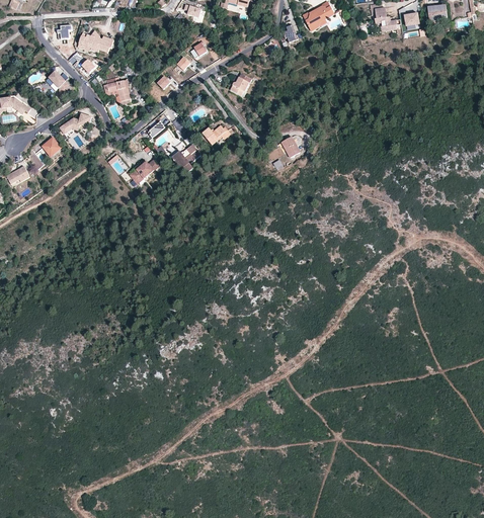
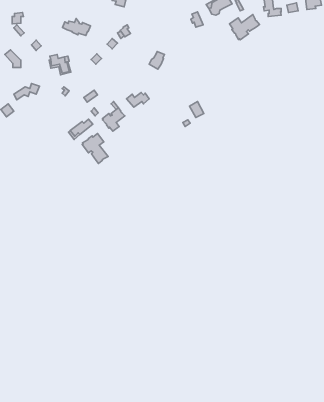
building: none -> [230,15,259,40]
building: [78,30,113,52] -> [62,19,91,36]
building: none -> [82,134,108,163]

